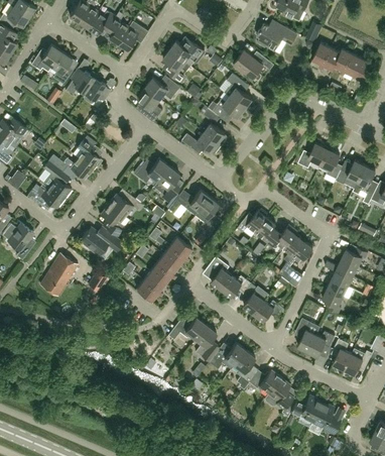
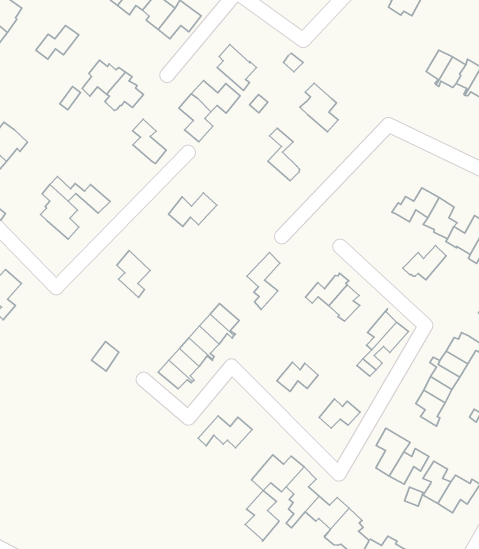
building: [256,23,296,50] -> none
building: [170,36,205,63] -> none
building: [234,50,274,81] -> none
building: [51,51,73,84] -> none
building: [206,97,245,118] -> none
building: [182,132,221,153] -> none
building: [77,139,102,170] -> [132,119,166,163]
building: [154,166,183,203] -> none
building: [27,187,65,209] -> none
building: [168,191,210,216] -> none
building: [109,194,144,217] -> none
building: [267,225,297,250] -> [403,245,446,280]
building: [81,227,123,256] -> none
building: [40,253,78,297] -> none
building: [208,256,232,290] -> none
building: [244,283,269,314] -> none
building: [196,326,220,362] -> [245,491,279,541]

